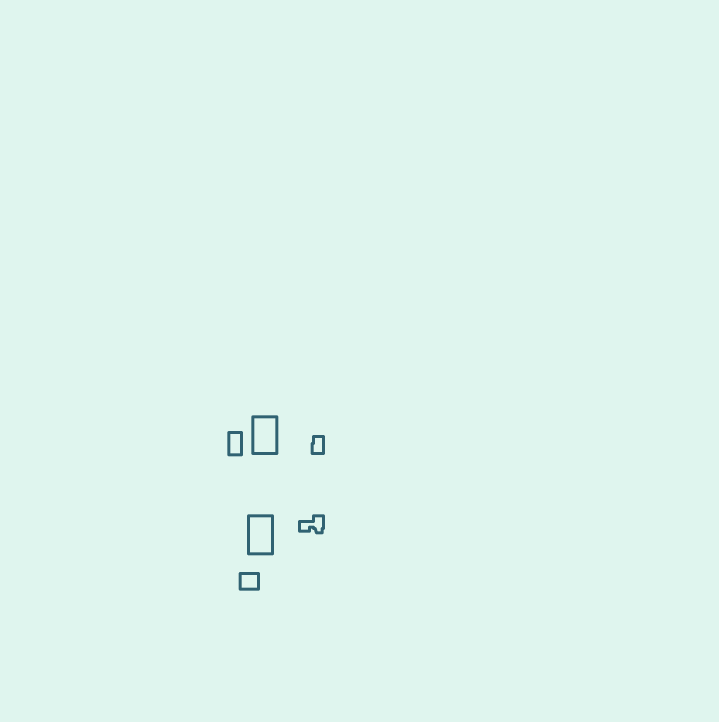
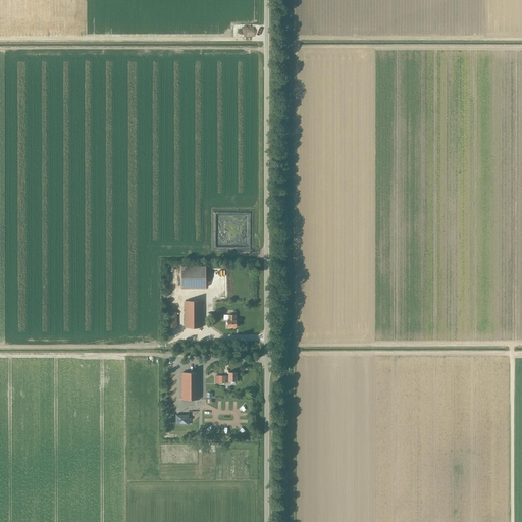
building: none -> [179,267,204,289]

